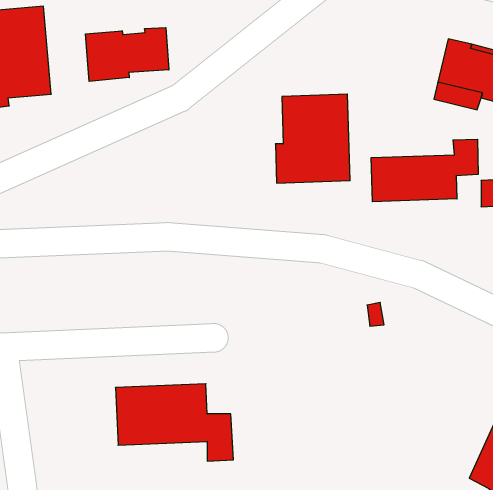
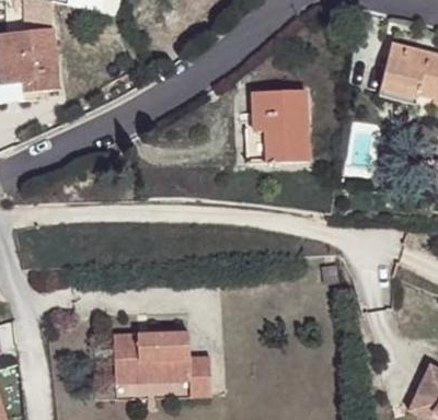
building: [86,28,169,81] -> none
building: [371,139,478,202] -> none

